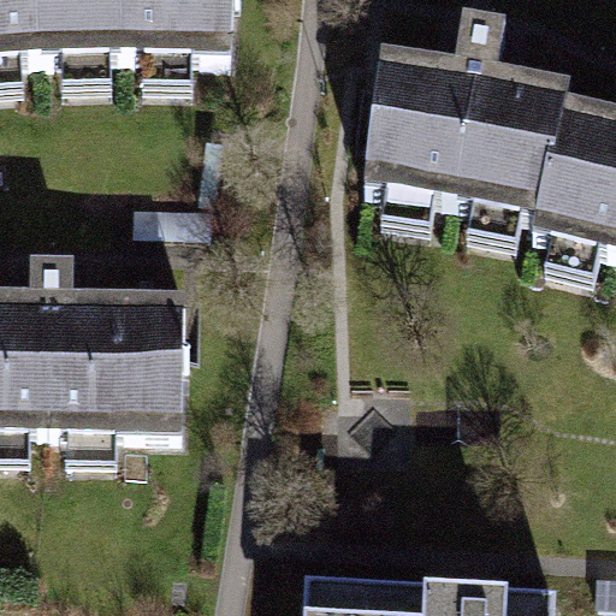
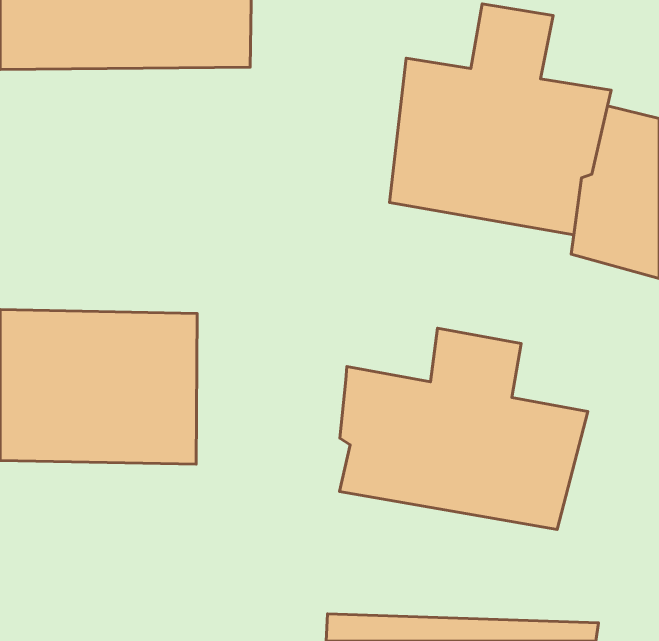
building: none -> [339,328,588,530]

